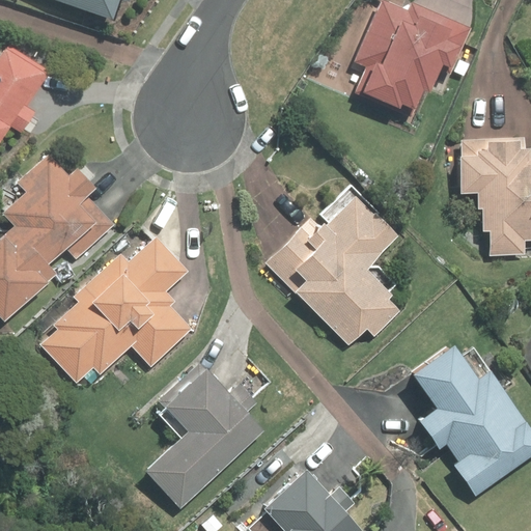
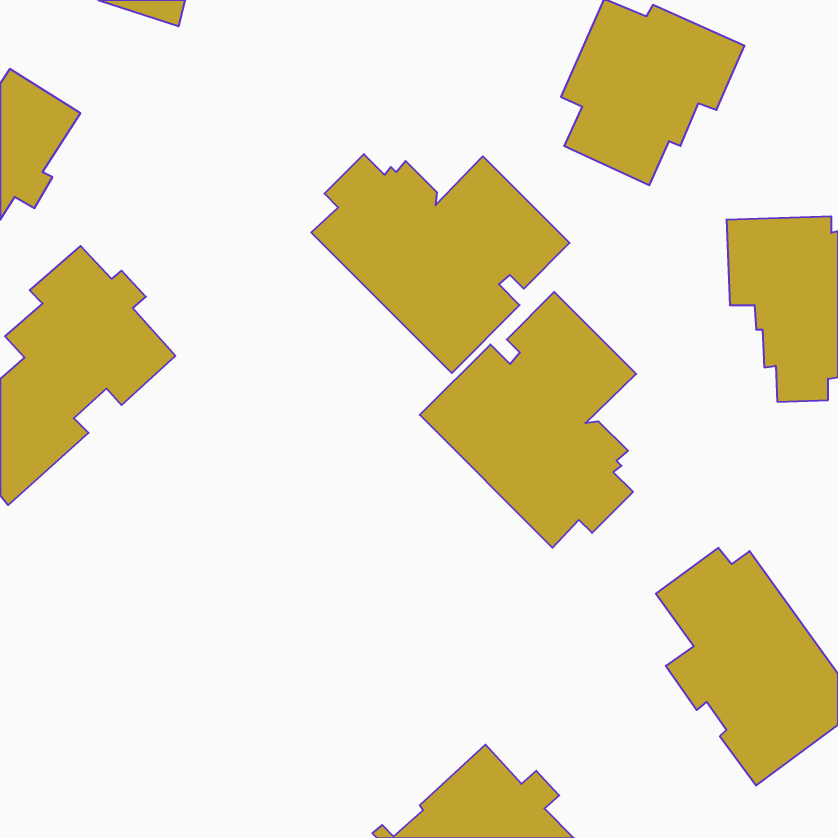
building: none -> [311,154,570,373]
building: [44,237,190,379] -> none
building: [149,363,264,506] -> none

